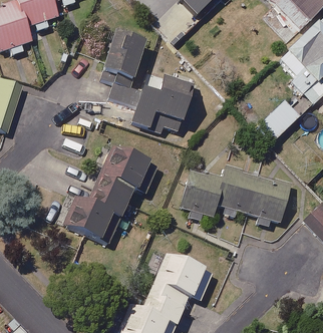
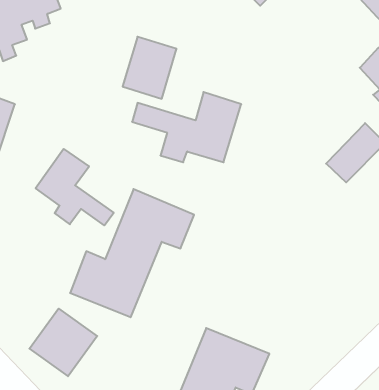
building: none -> [36,149,114,225]
building: [182,168,289,219] -> none
building: none -> [29,309,97,376]

